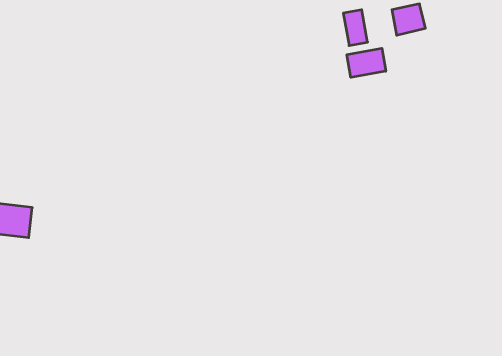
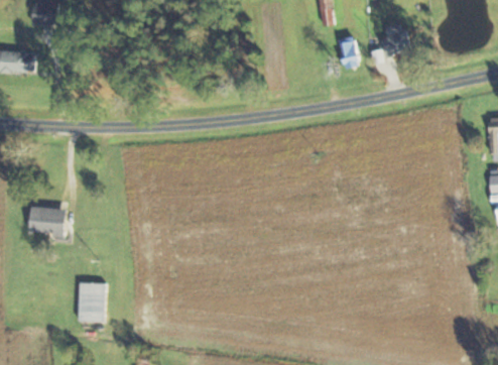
building: [347,48,386,77] -> none
building: none -> [78,282,105,321]

